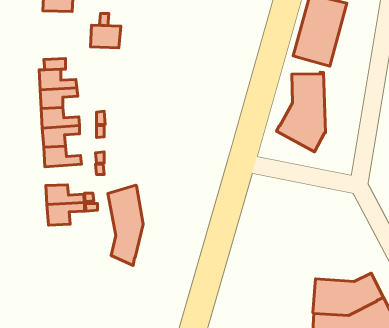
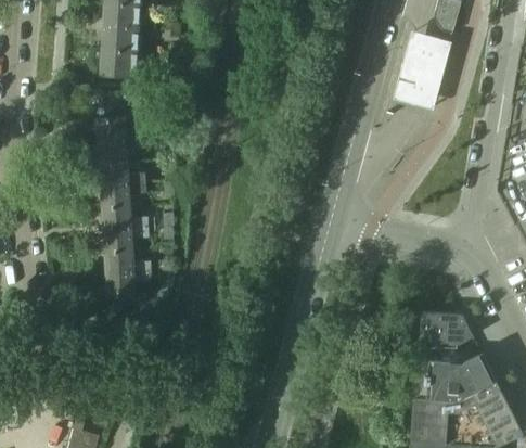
building: [91,25,121,48] -> [102,50,137,76]
building: [277,72,325,152] -> none
building: none -> [105,227,149,252]
building: [108,185,143,265] -> none
building: none -> [419,311,473,344]

